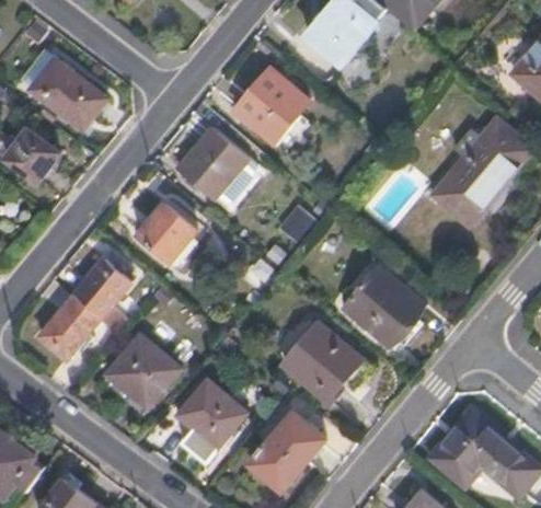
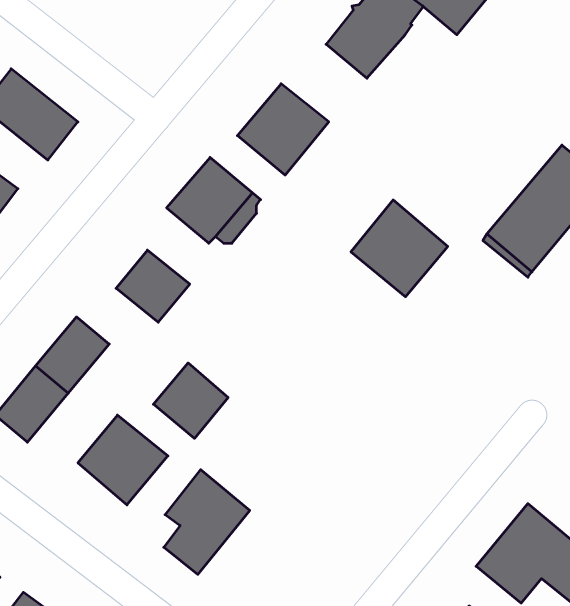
building: [344,267,422,345] -> [351,200,448,297]
building: none -> [153,363,228,438]
building: [284,324,359,403] -> none
building: [249,414,323,480] -> none

